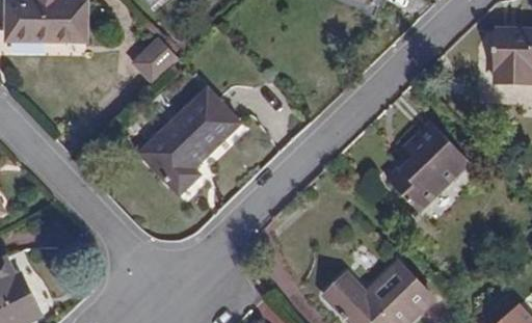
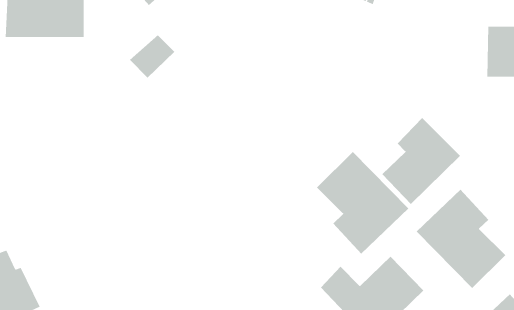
building: [140,88,240,193] -> none
building: none -> [316,151,409,255]
building: none -> [416,189,506,289]

